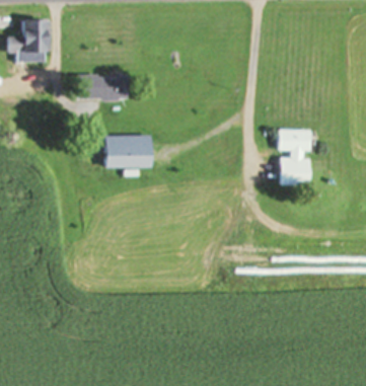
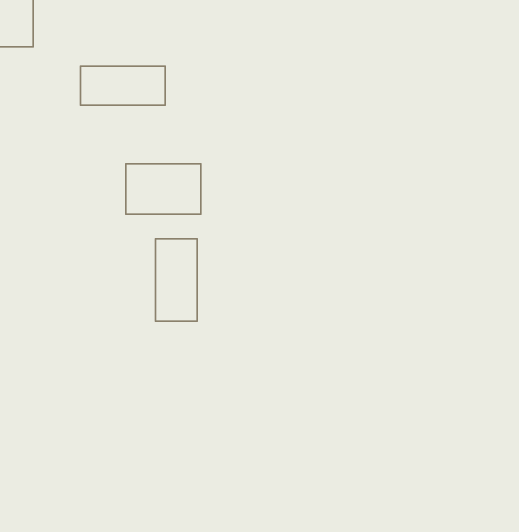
building: [279,129,310,185] -> none
building: none -> [155,239,197,321]

